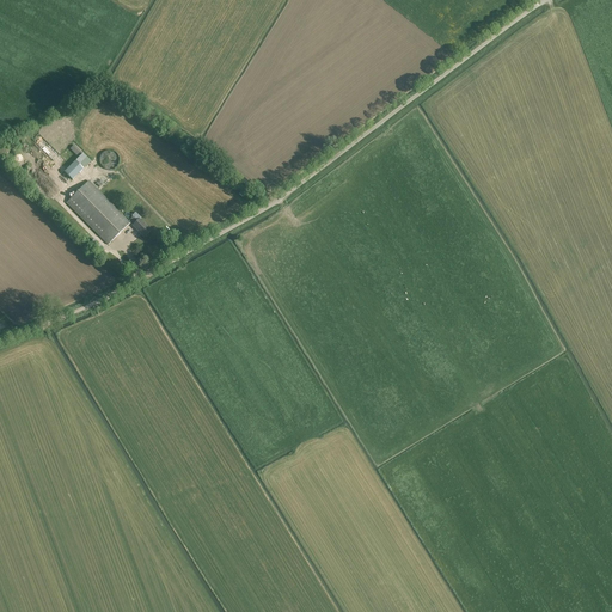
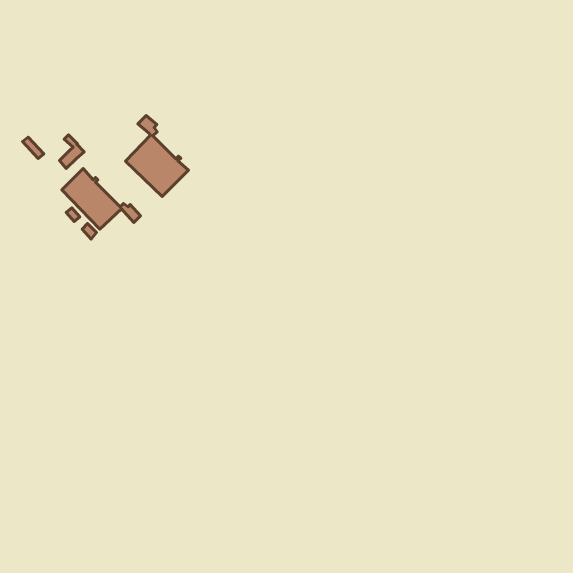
building: none -> [125,115,189,197]

